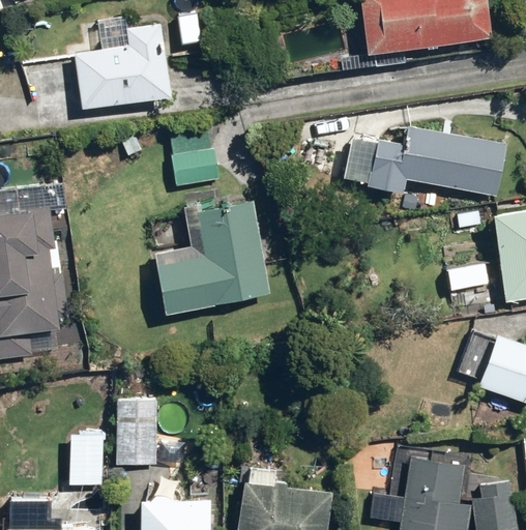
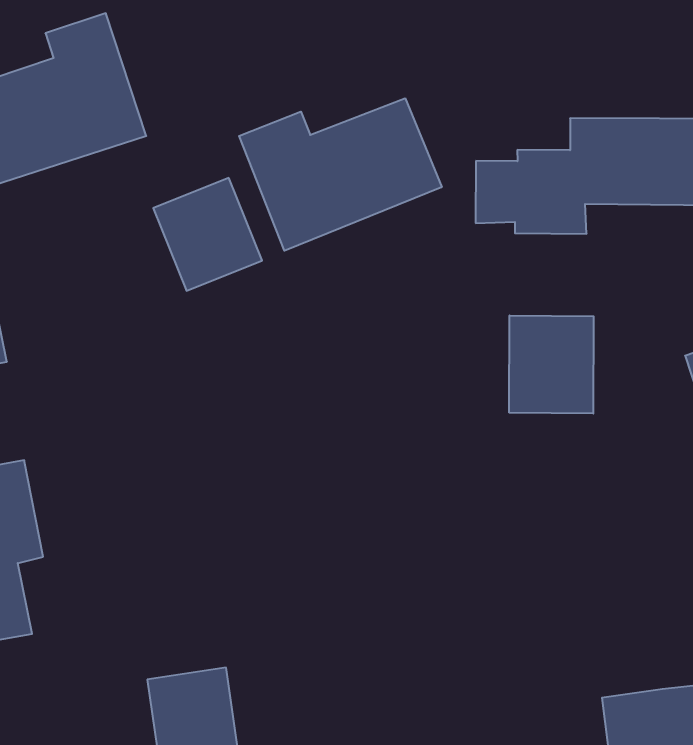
building: none -> [239,98,442,251]
building: [151,199,269,313] -> none
building: none -> [509,315,594,414]

